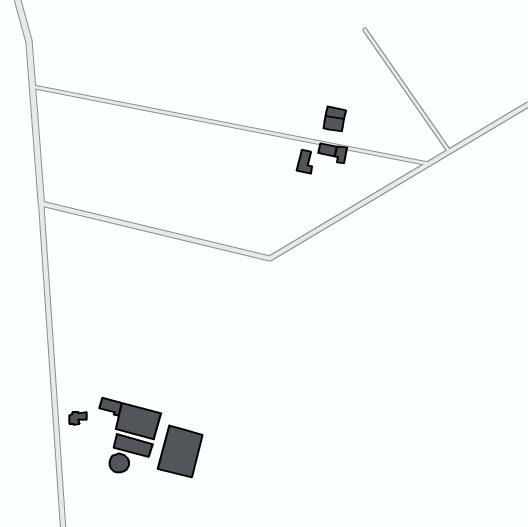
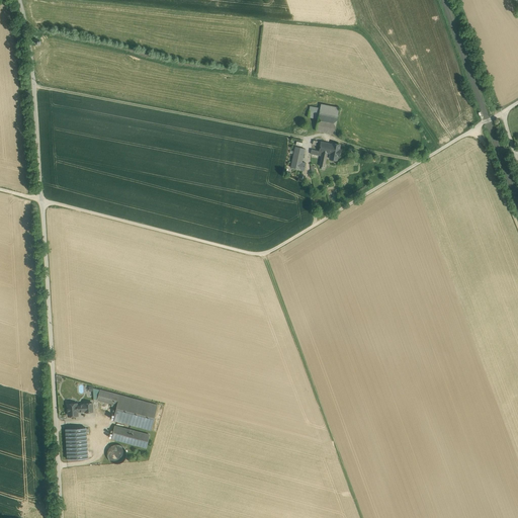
building: [158,425,203,477] -> none
building: none -> [66,429,88,460]

